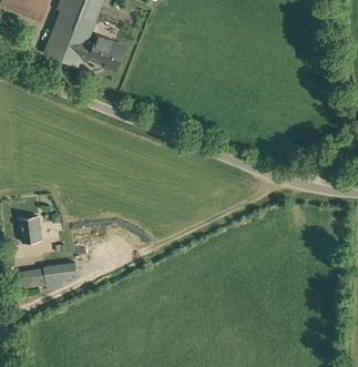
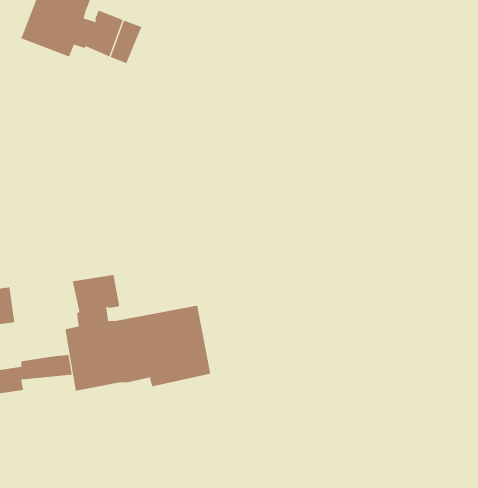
building: none -> [65,274,211,391]

